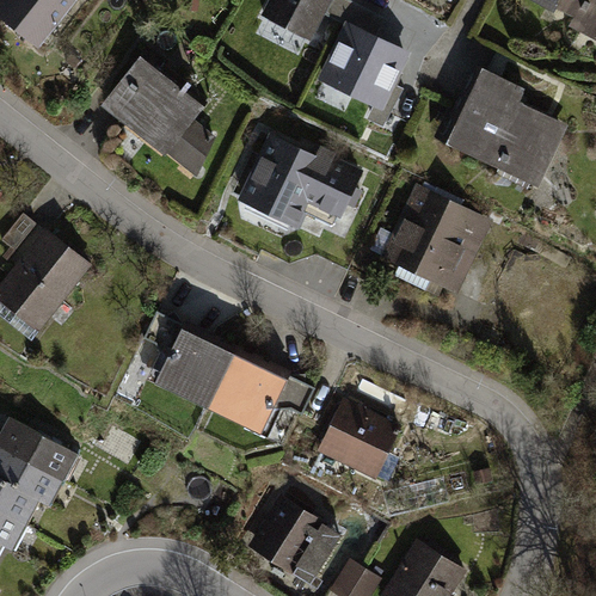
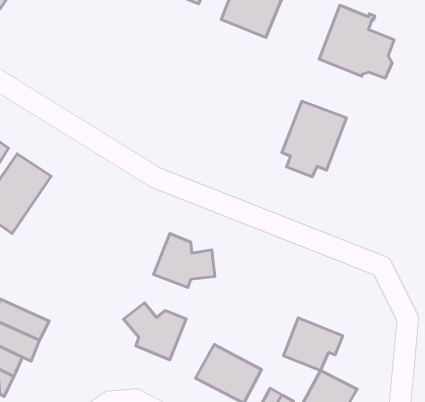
building: [105,54,214,176] -> none
building: [244,140,361,226] -> none
building: [155,326,236,403] -> [124,303,186,360]
building: [321,403,400,473] -> [283,318,343,371]

